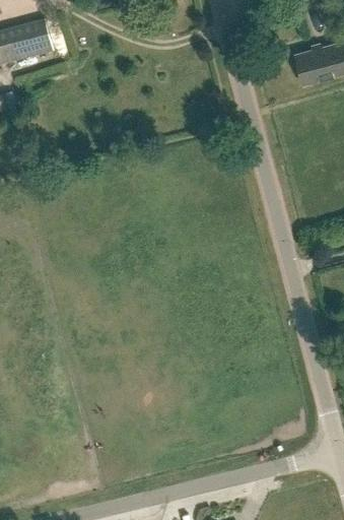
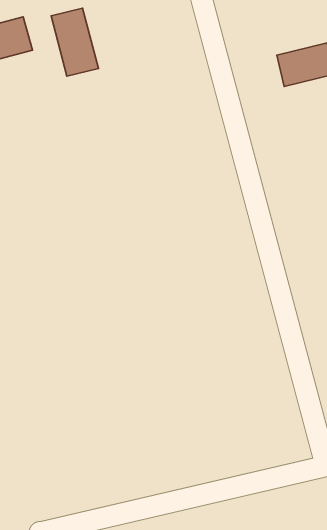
building: none -> [51,8,99,76]

